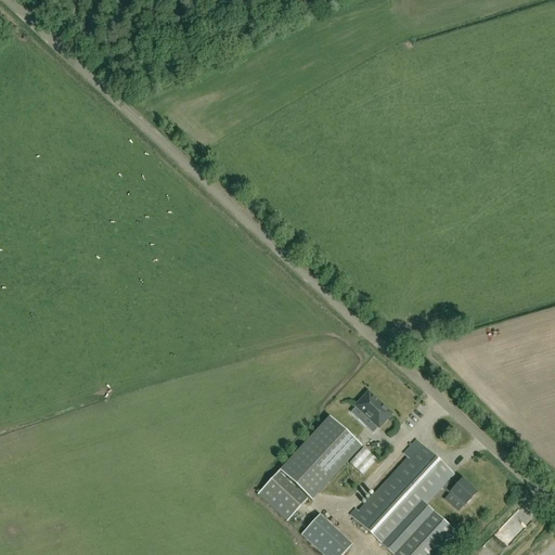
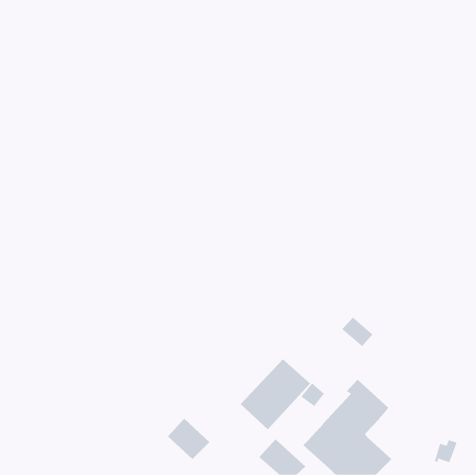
building: [353,393,390,428] -> [342,317,373,347]
building: [257,472,307,520] -> [167,418,210,460]
building: [441,478,476,505] -> none

